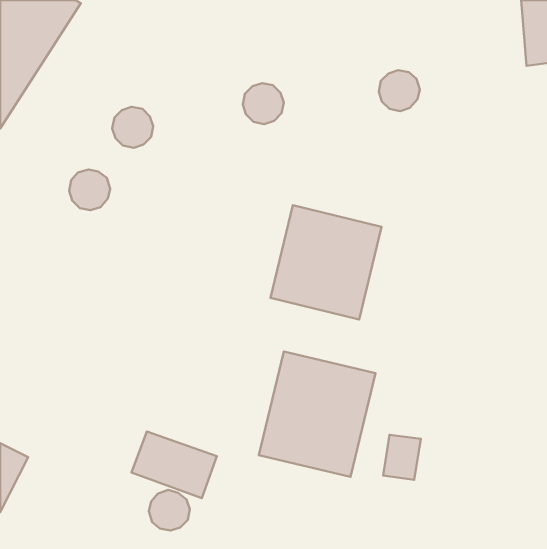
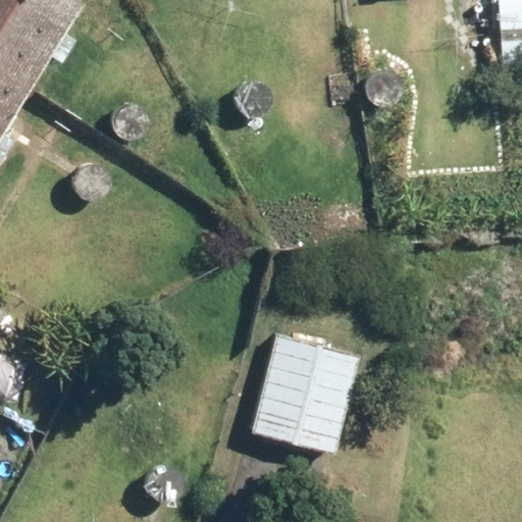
building: [271,205,381,319] -> none

